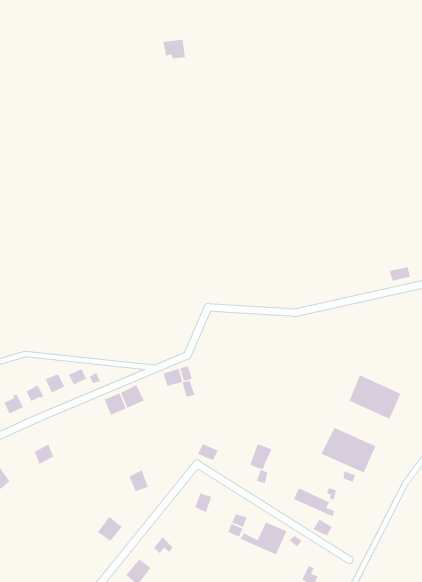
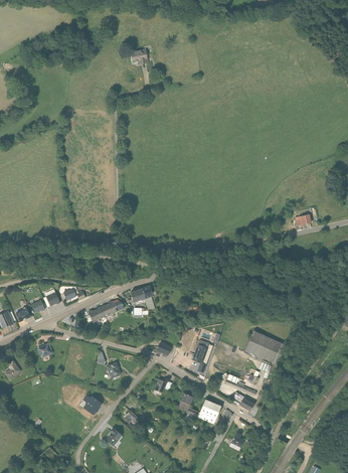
building: [348,374,402,420] -> none

